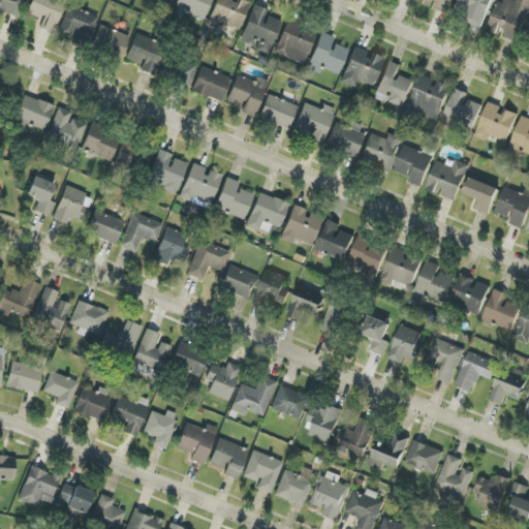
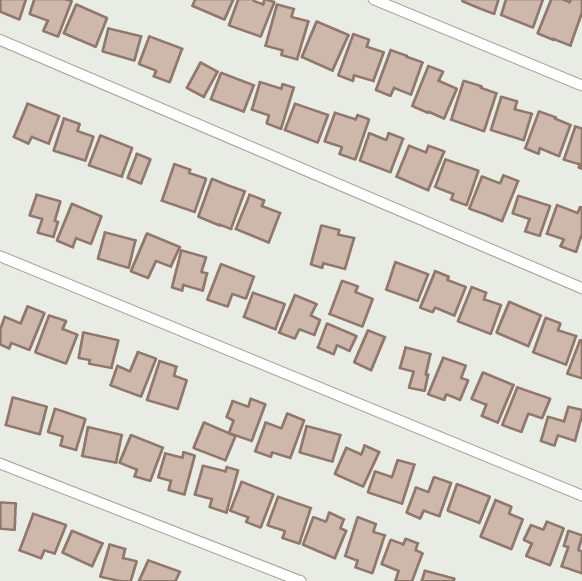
building: [246,191,289,234] -> none
building: [315,219,354,260] -> [329,281,373,326]
building: [170,342,209,376] -> [194,423,236,460]

